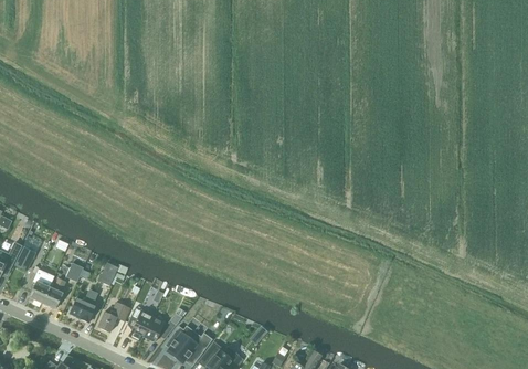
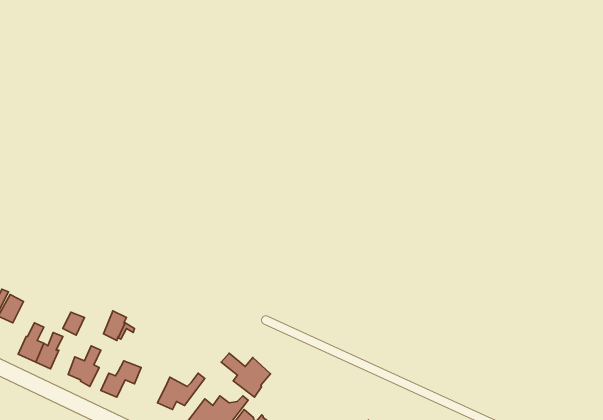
building: none -> [221,353,271,397]
building: [127,308,152,341] -> none

